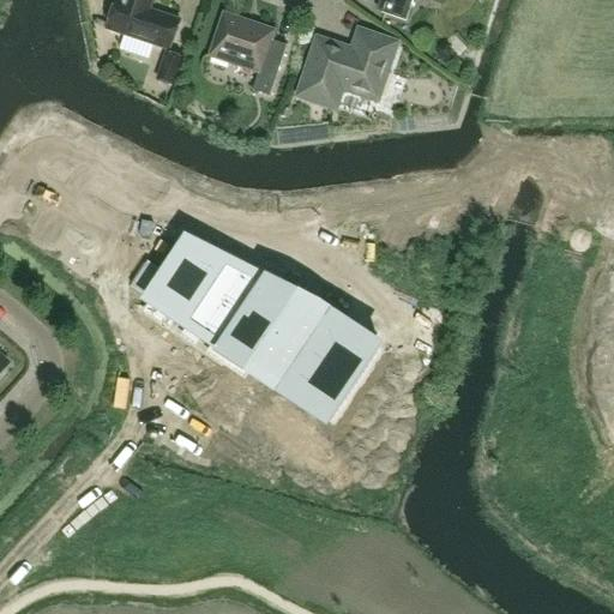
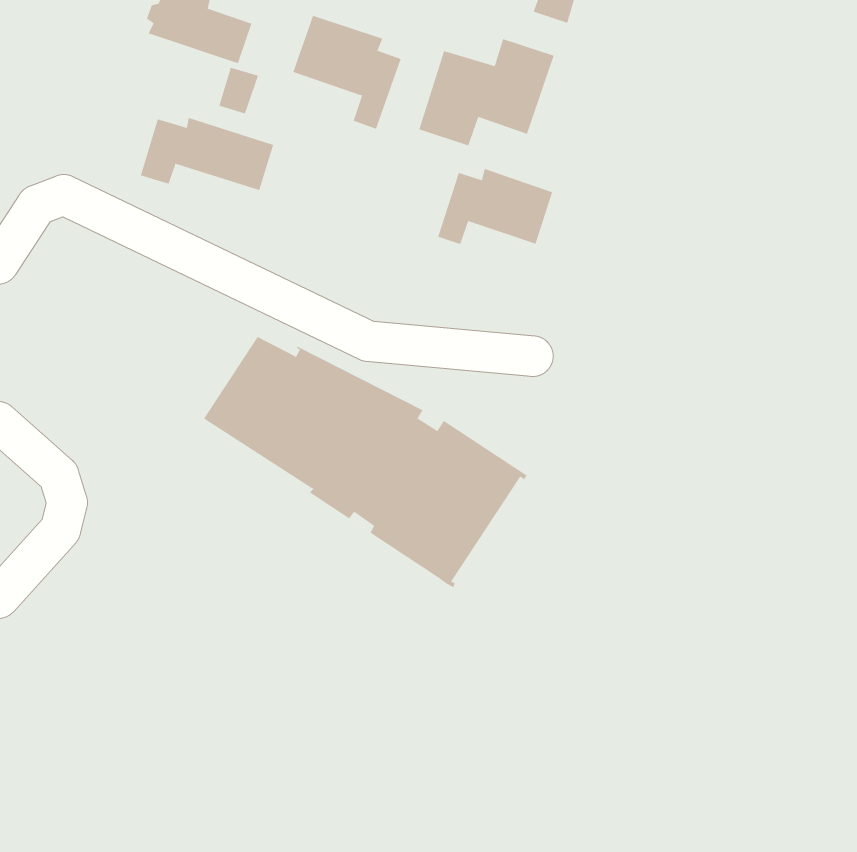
building: none -> [140,117,274,191]
building: none -> [437,168,553,245]

